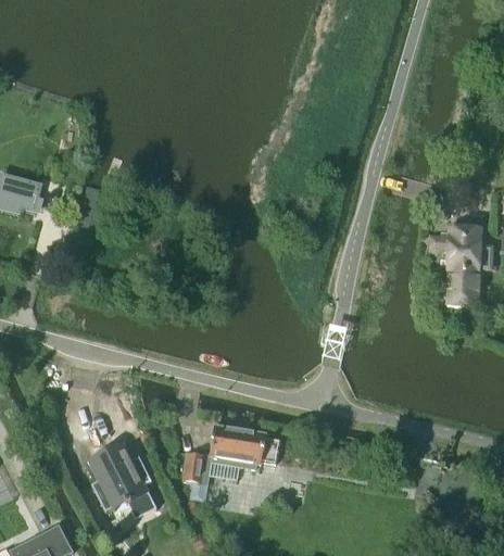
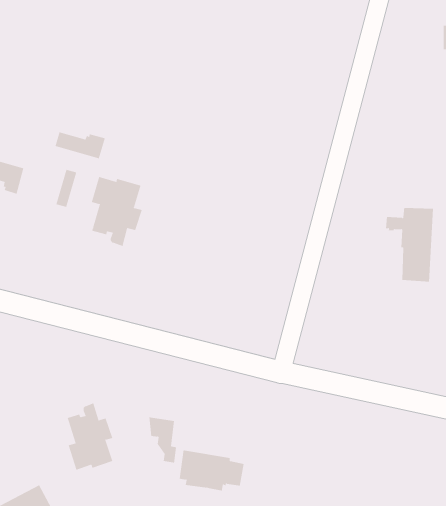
building: none -> [55,132,106,159]
building: none -> [91,176,142,247]
building: [211,426,281,470] -> [179,450,245,491]

